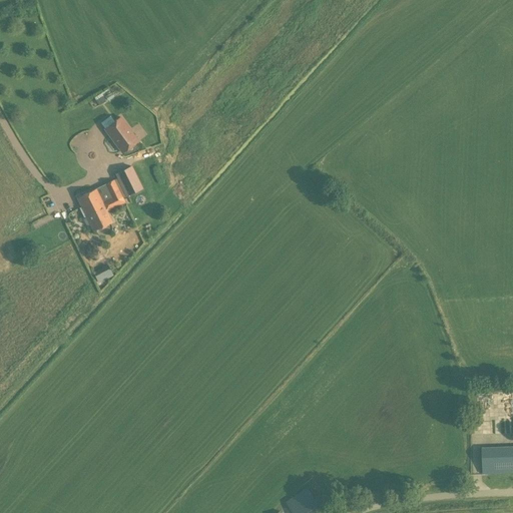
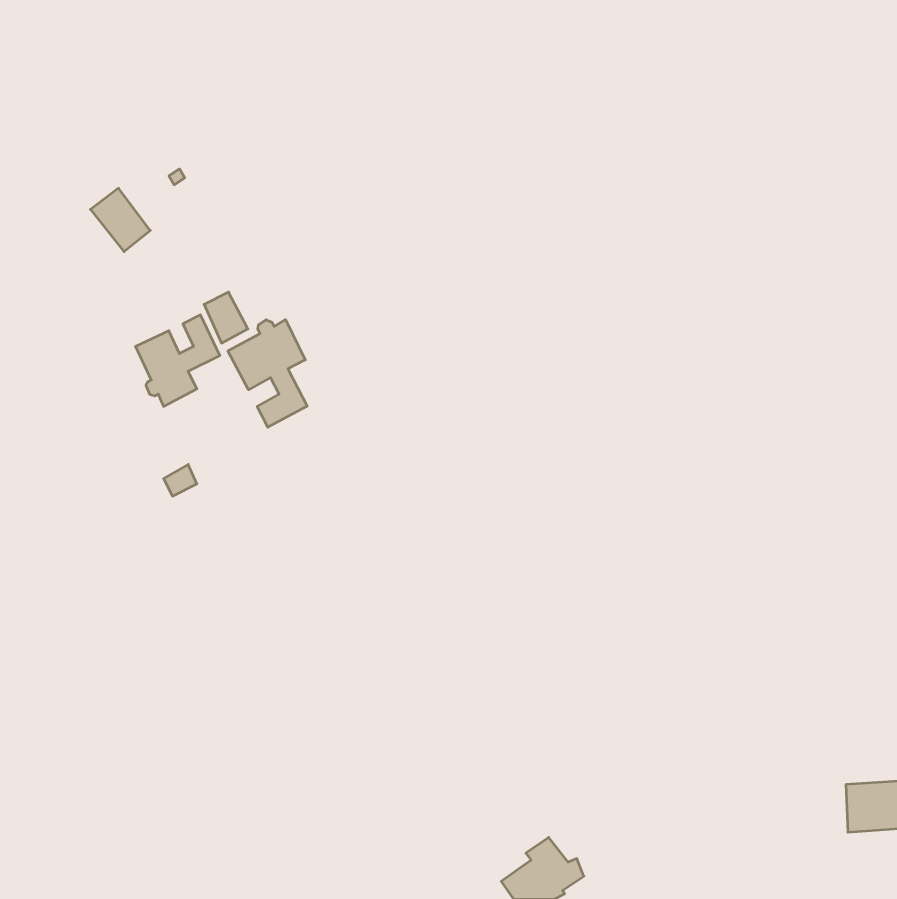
building: [101,114,135,150] -> [90,188,150,252]
building: none -> [228,320,307,427]

